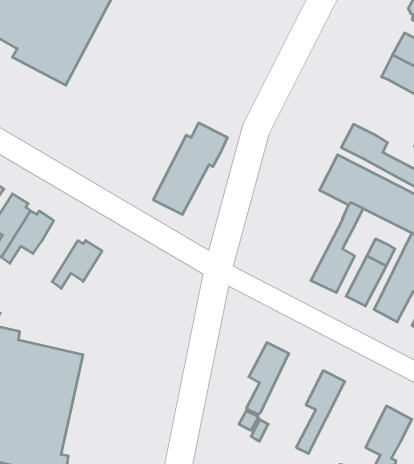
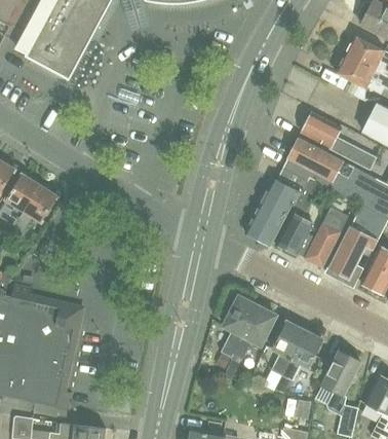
building: [153,123,228,214] -> [244,168,307,245]
building: [52,240,102,289] -> none
building: none -> [233,305,275,359]
building: none -> [273,329,322,392]

